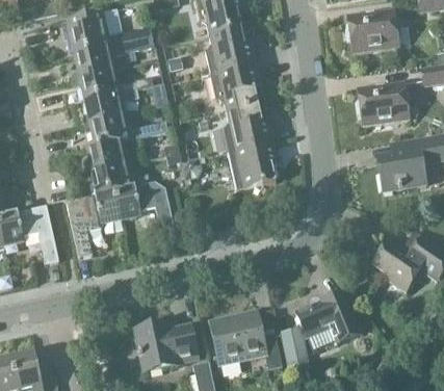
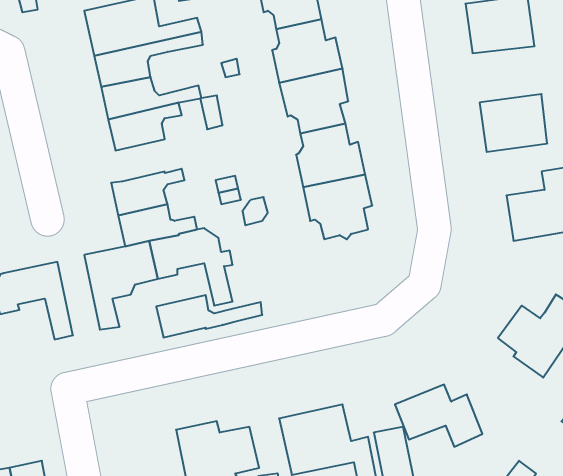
building: [89,115,167,147] -> [156,295,262,337]

